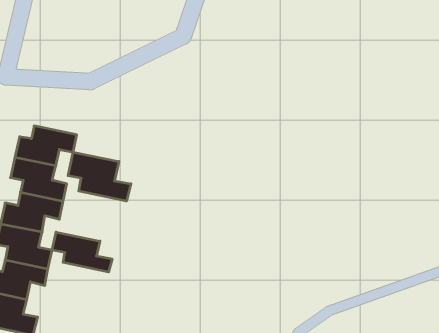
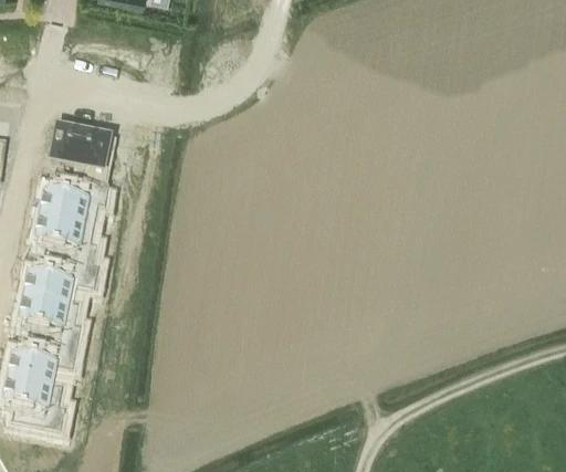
building: none -> [55,133,108,180]
building: [68,152,131,201] -> none
building: [52,232,112,272] -> none

